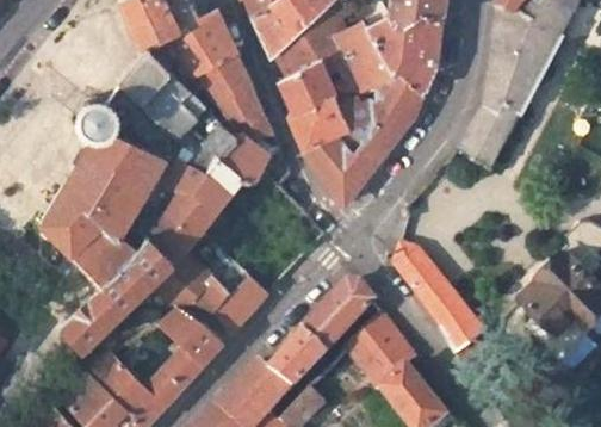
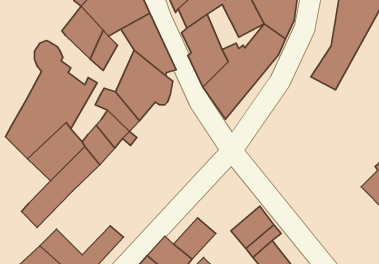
building: [316,48,365,109] -> none
building: [394,239,483,355] -> none
building: [159,262,271,332] -> none
building: [303,284,376,358] -> none
building: [159,309,223,363] -> none

